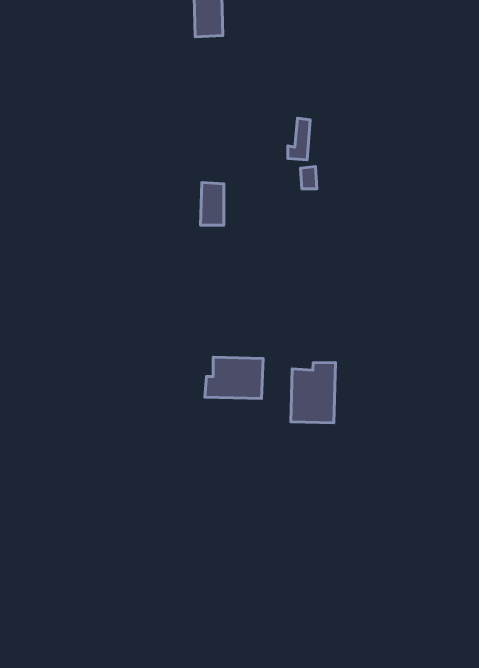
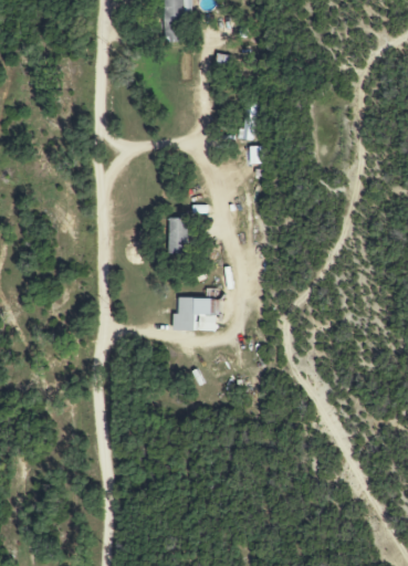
building: [200,183,224,225] -> [168,216,187,250]
building: [291,362,336,423] -> none

